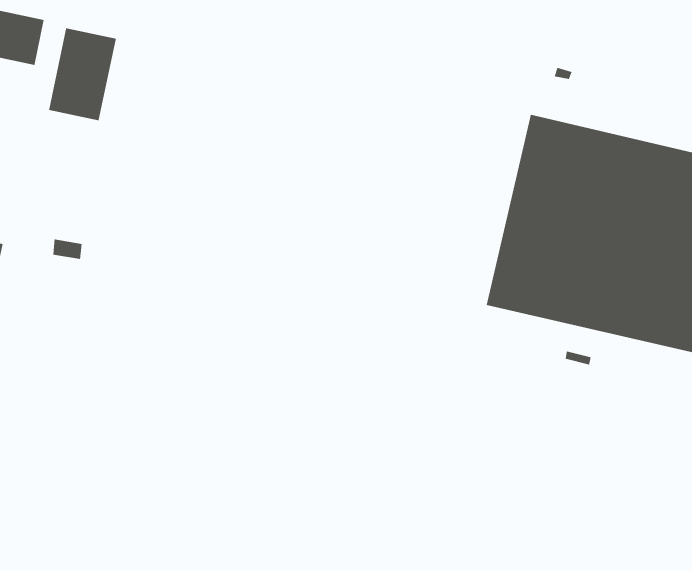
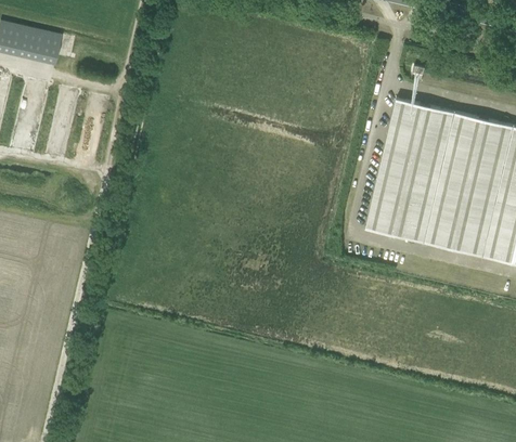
building: [48,27,116,121] -> none

